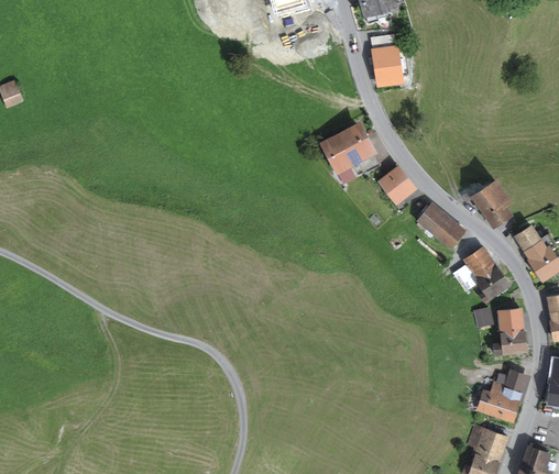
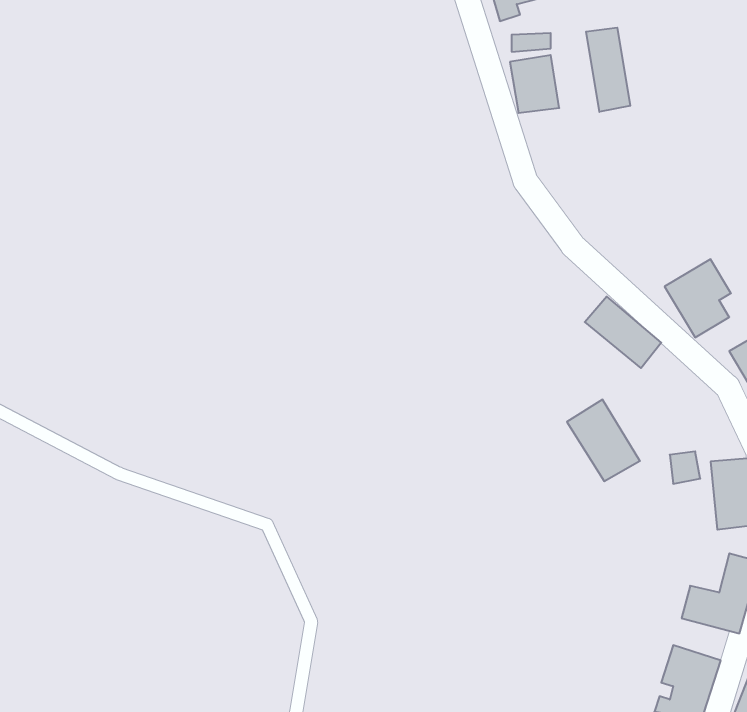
building: none -> [586,28,630,112]
building: [315,123,375,188] -> none
building: [376,167,415,206] -> none
building: [461,246,508,299] -> [567,400,640,481]

